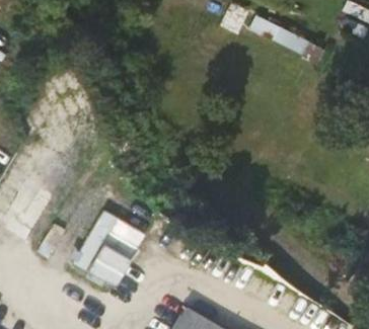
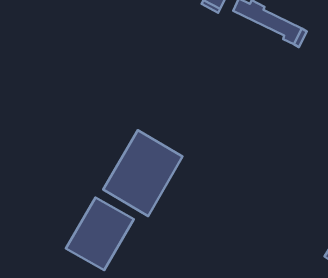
building: none -> [103,130,182,216]

